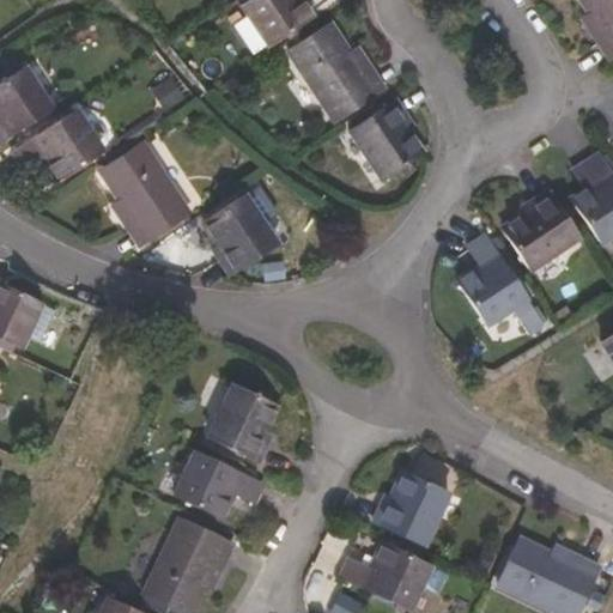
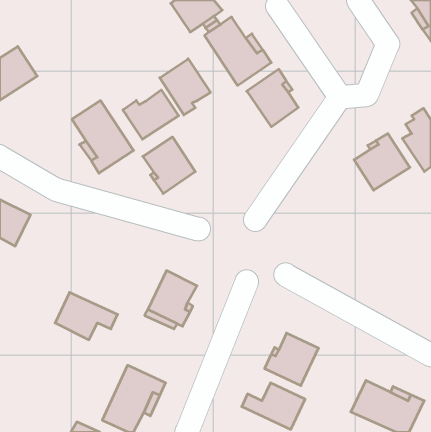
building: none -> [160,59,210,115]
building: [12,109,104,181] -> none
building: none -> [123,90,179,139]
building: [459,235,545,334] -> none
building: [176,451,265,518] -> [55,292,118,340]

